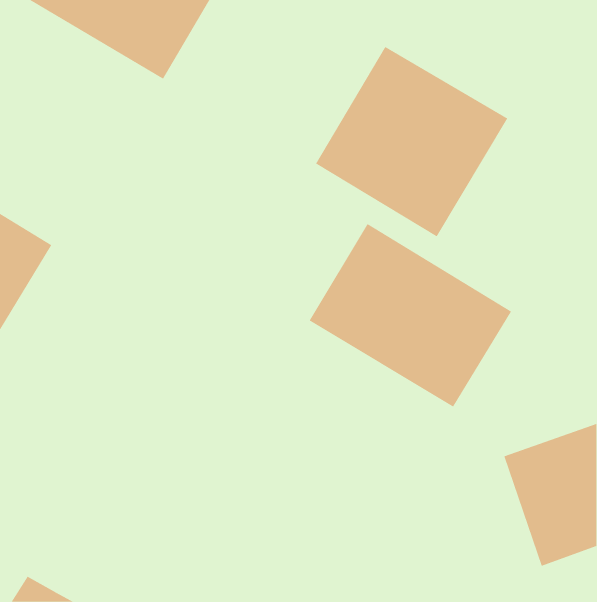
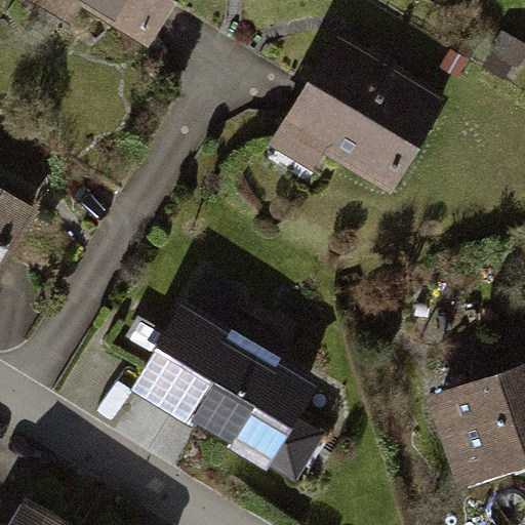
building: [309,223,512,408] -> none
building: none -> [122,292,318,478]

